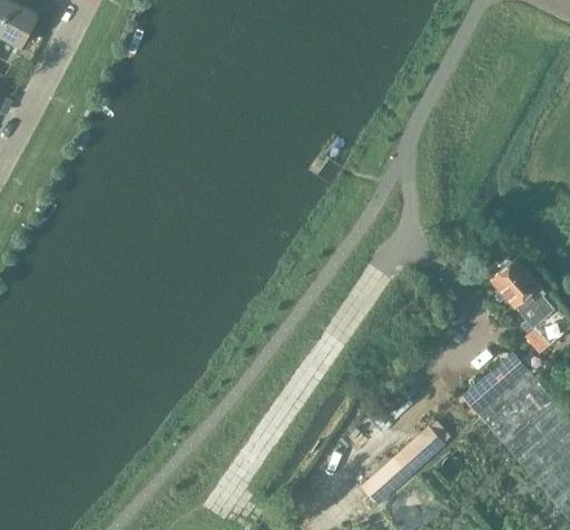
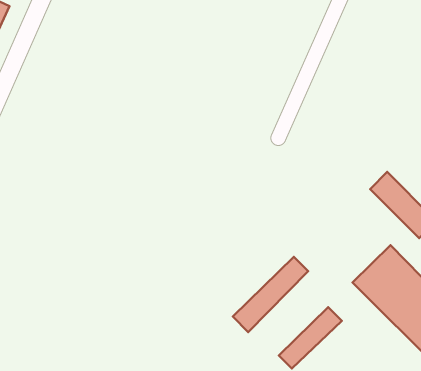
building: none -> [233,257,308,332]

